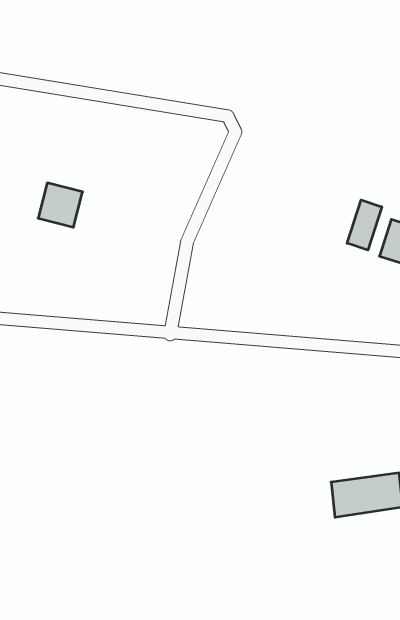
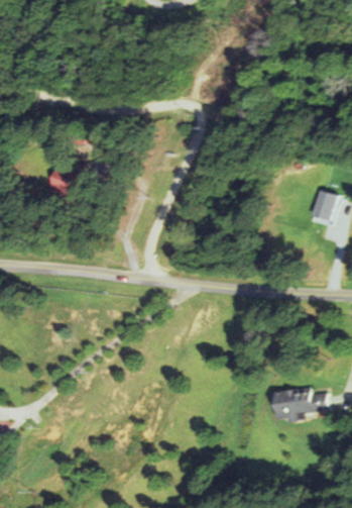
building: [347,200,382,250] -> none

